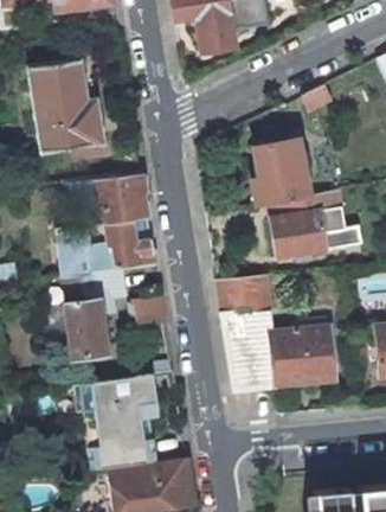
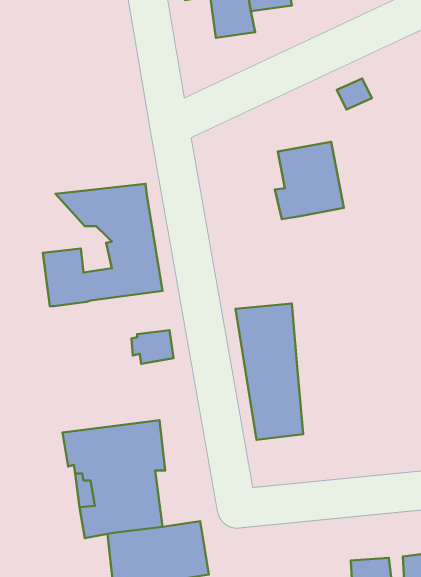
building: [28,63,104,153] -> none
building: [271,191,347,263] -> none
building: [41,273,107,358] -> none
building: [270,327,335,385] -> none

